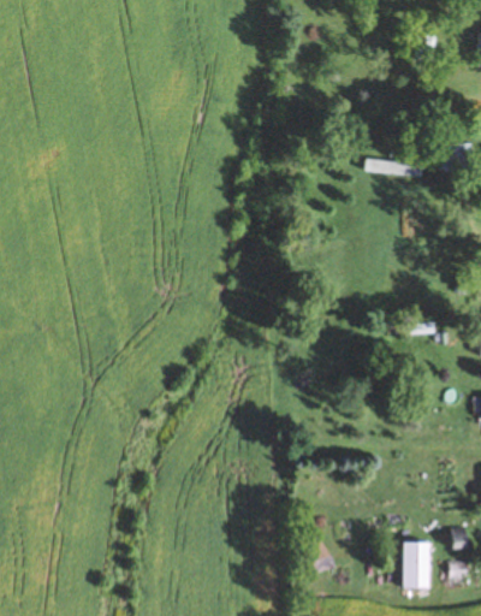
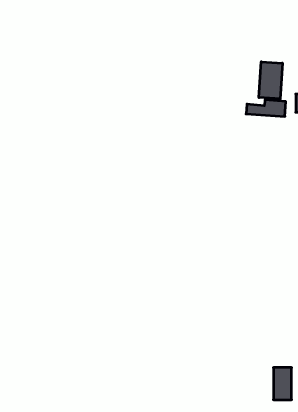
building: none -> [259,62,282,99]

